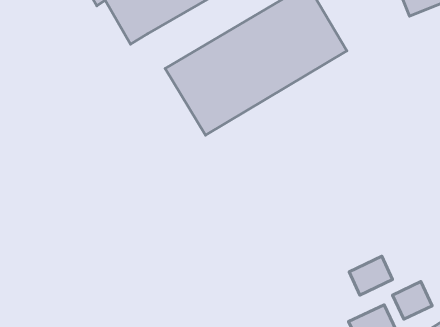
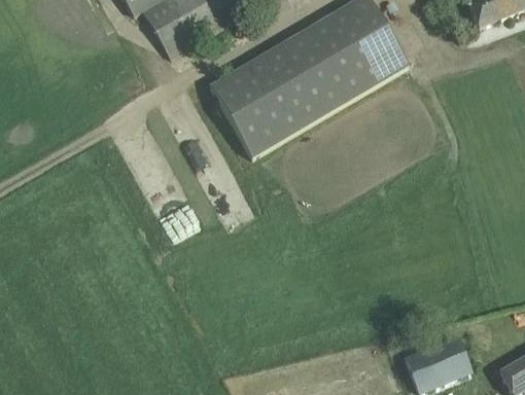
building: [349,256,393,295] -> none
building: [393,282,432,319] -> none

